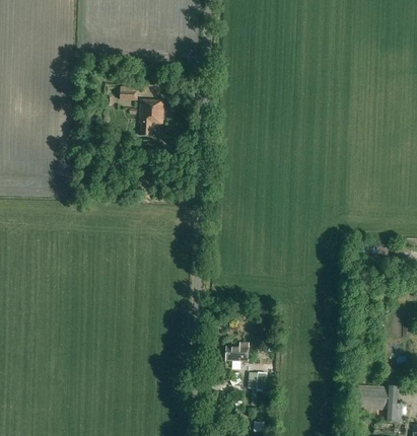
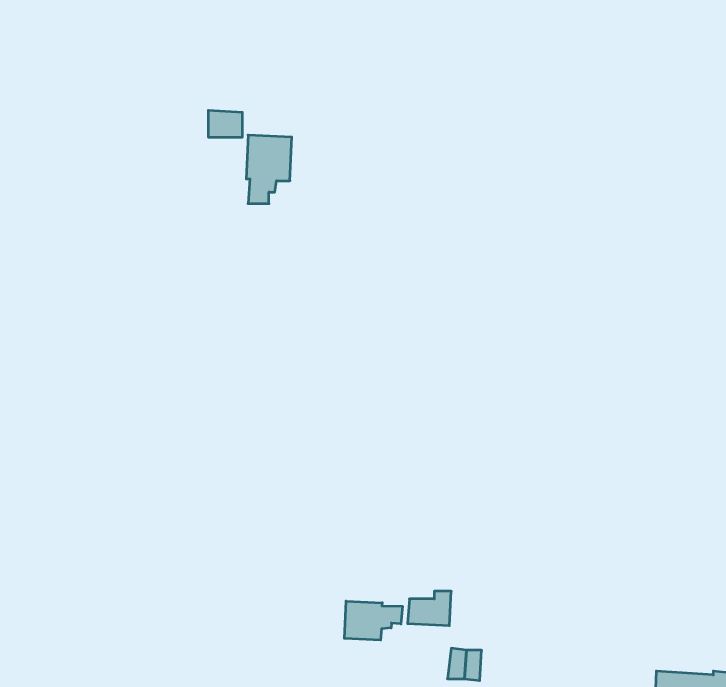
building: none -> [344,601,402,640]

